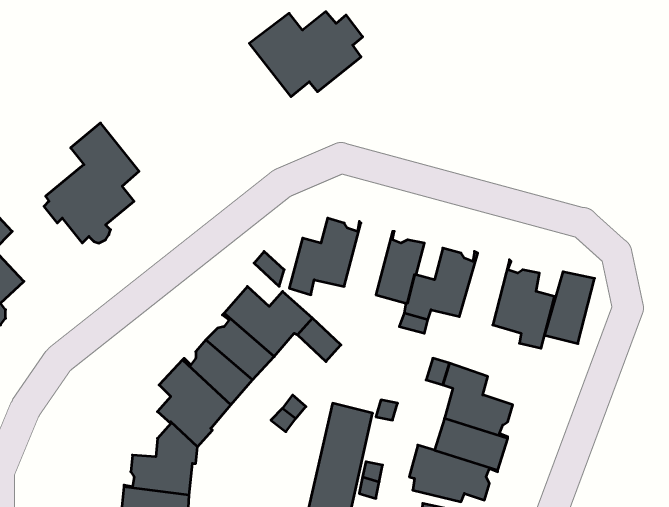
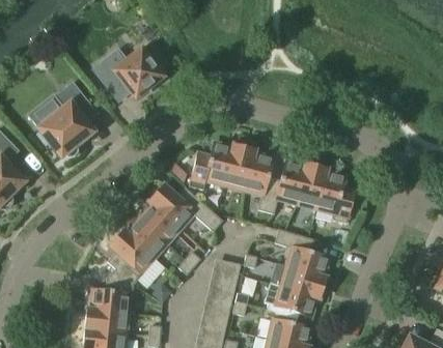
building: [249,12,363,97] -> [93,48,164,100]
building: none -> [224,144,254,188]
building: [545,272,595,344] -> [296,163,327,207]

